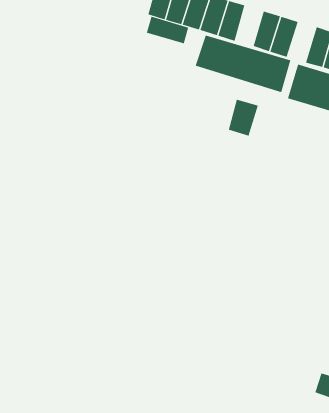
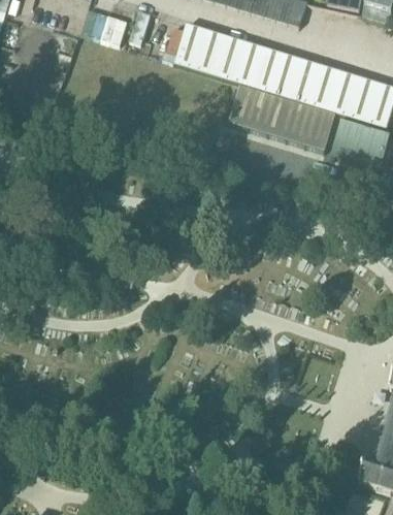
building: none -> [271,52,302,97]
building: [146,16,189,44] -> none
building: none -> [329,70,361,116]
building: [228,99,259,137] -> none

